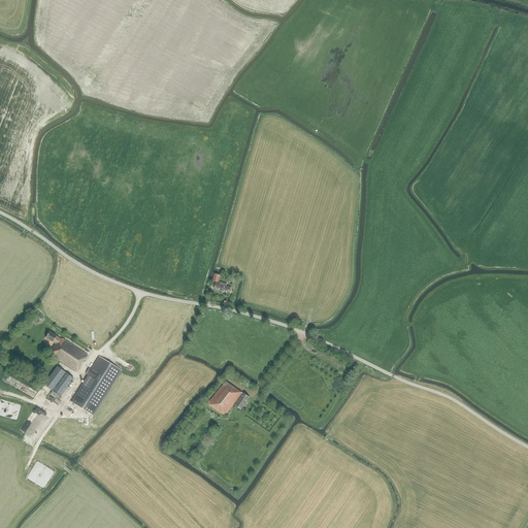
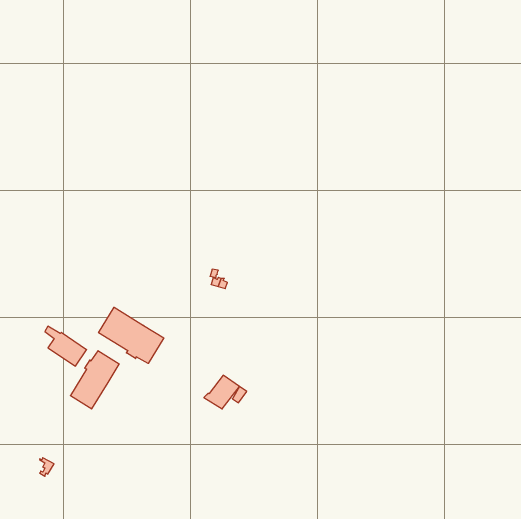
building: none -> [99,307,164,363]
building: [43,364,73,394] -> none

